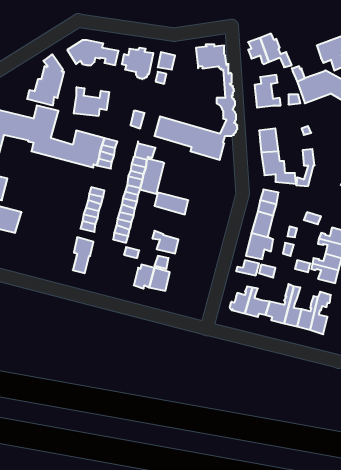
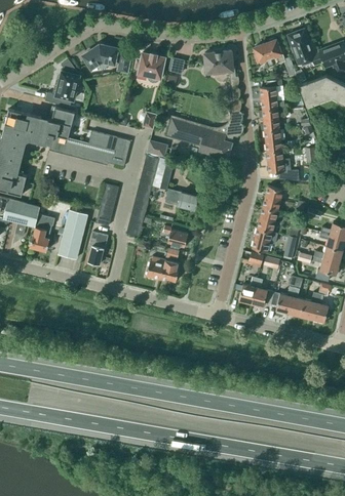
building: none -> [286,30,322,67]
building: [74,87,109,116] -> none
building: none -> [262,108,285,131]
building: none -> [59,210,87,259]
building: none -> [30,214,54,251]

